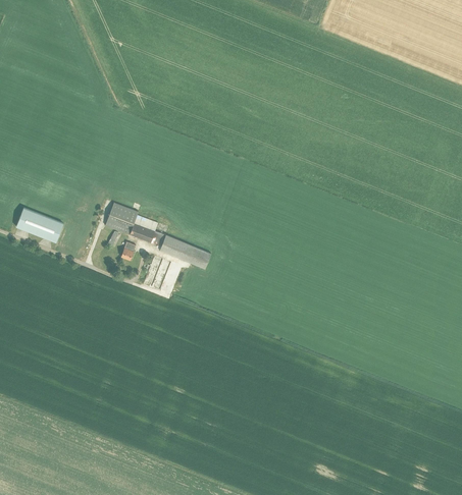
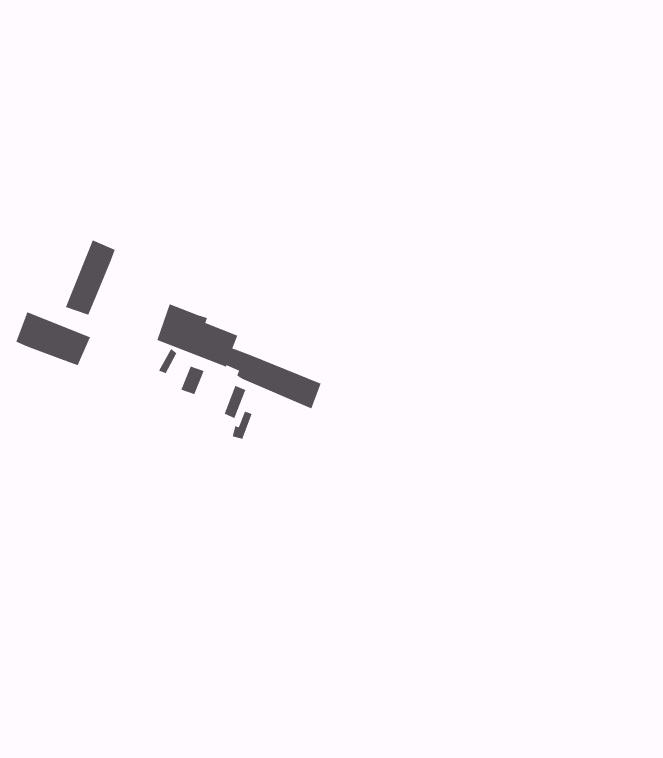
building: none -> [65,239,116,316]

